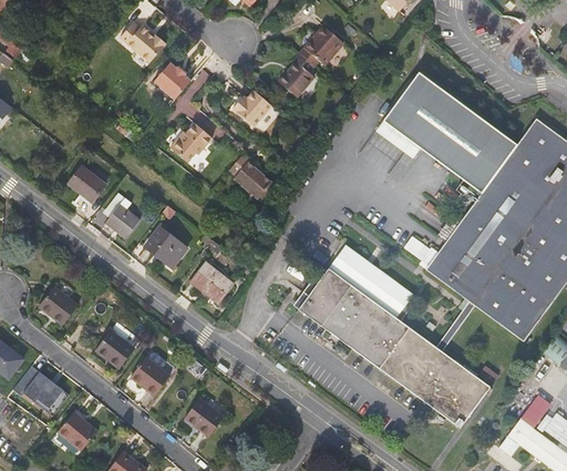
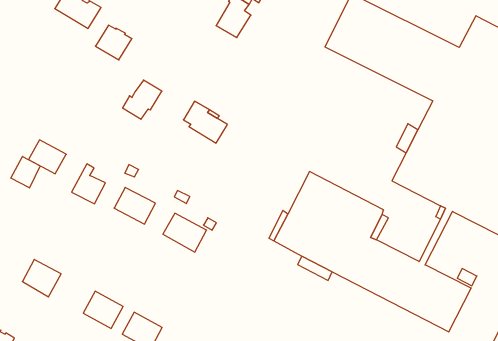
building: [233,90,272,126] -> none
building: none -> [11,156,40,188]

